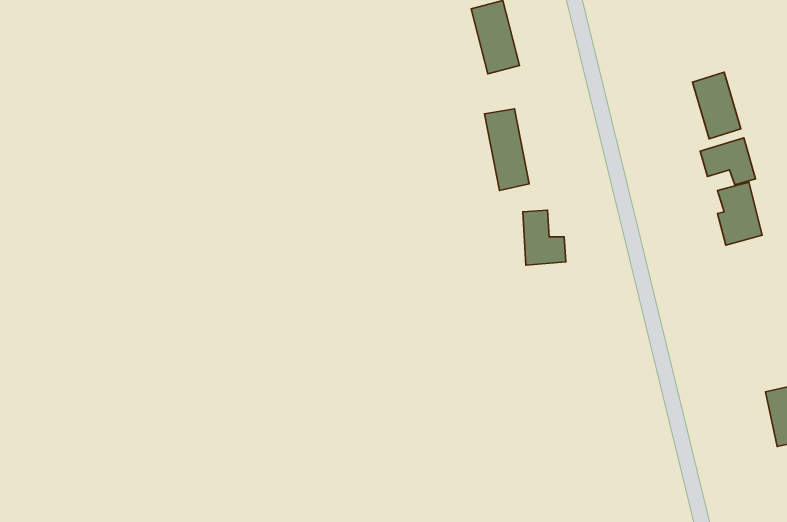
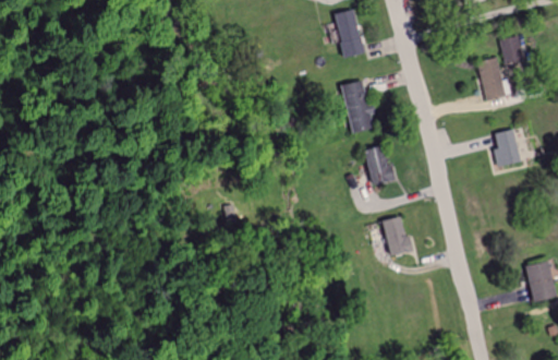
building: none -> [502,36,524,61]
building: [700,138,755,185] -> none
building: none -> [380,215,411,256]

